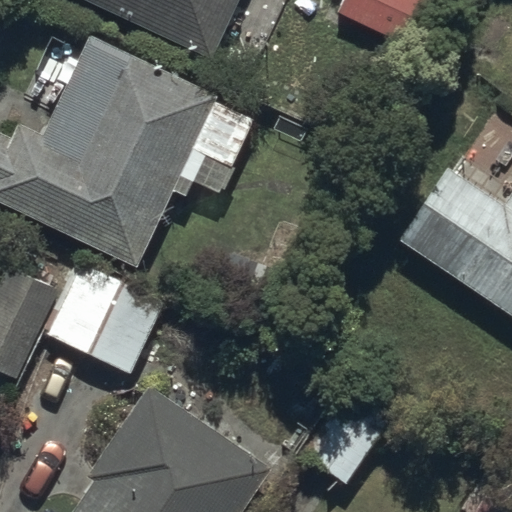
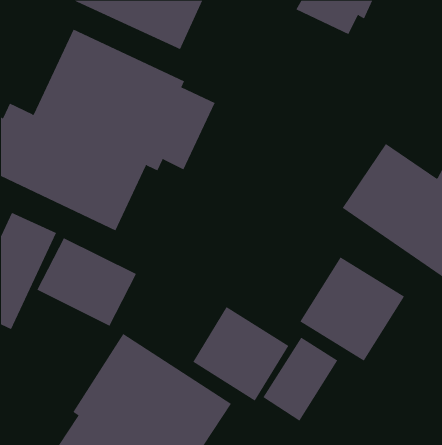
building: none -> [300,256,405,361]
building: none -> [192,306,289,402]

